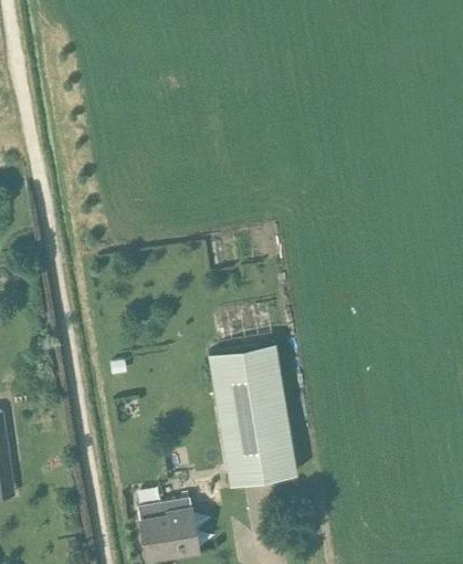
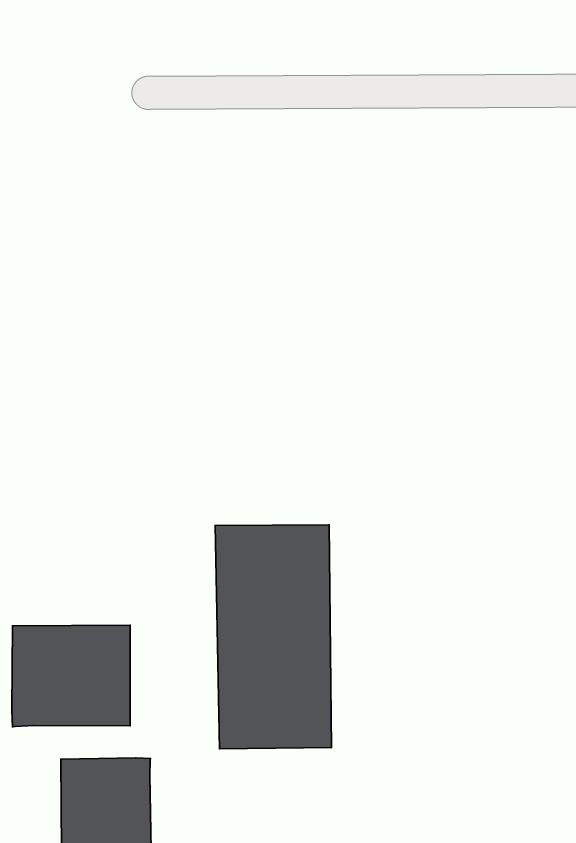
building: none -> [12,625,130,727]

